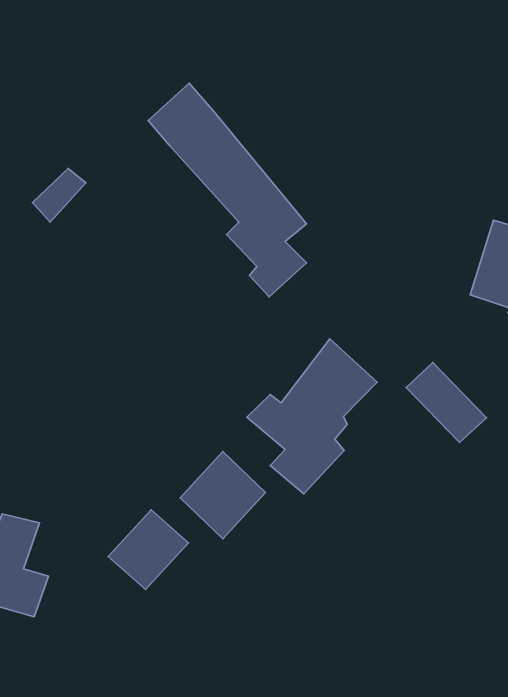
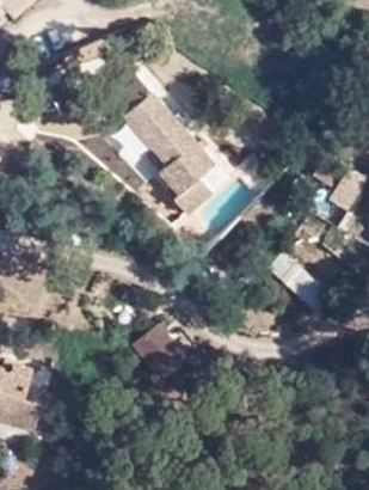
building: [247,339,377,494] -> none
building: [108,510,189,590] -> none

